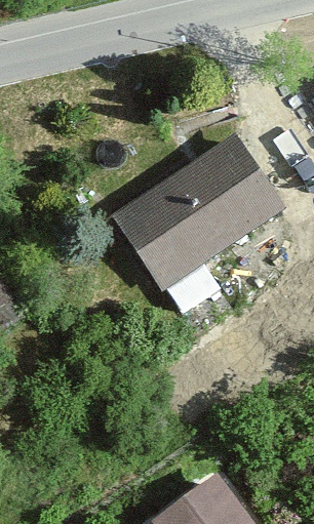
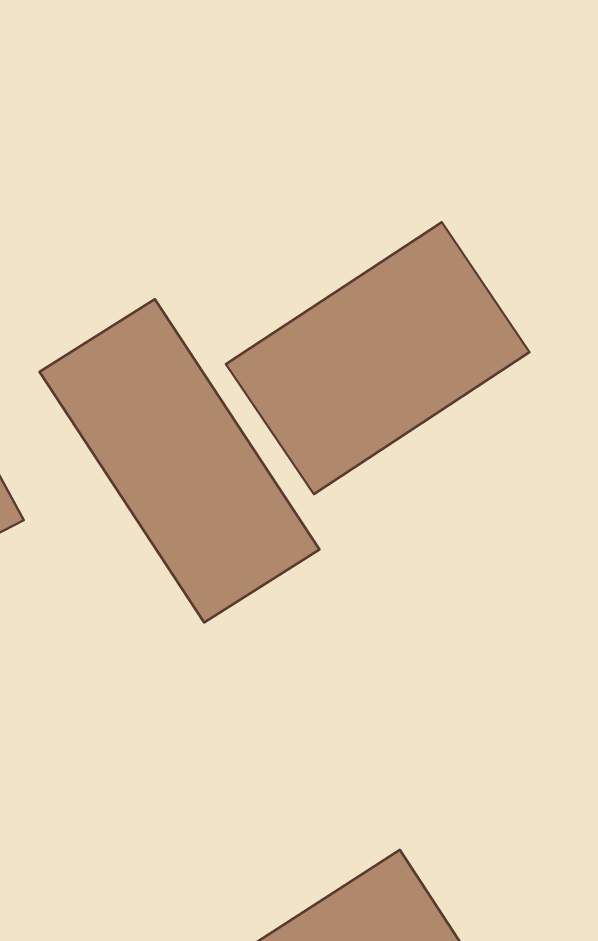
building: none -> [40,299,320,622]

